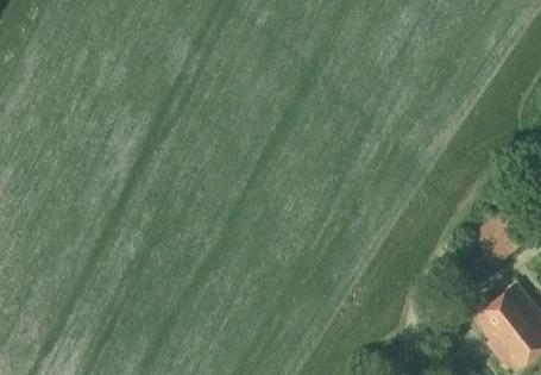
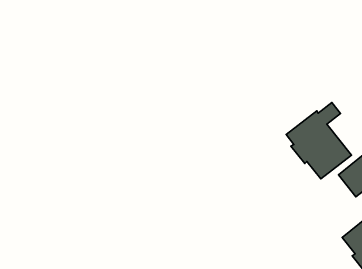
building: none -> [286,103,351,179]

